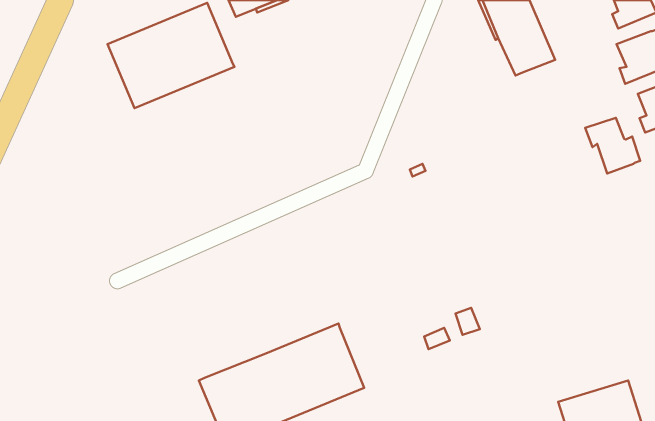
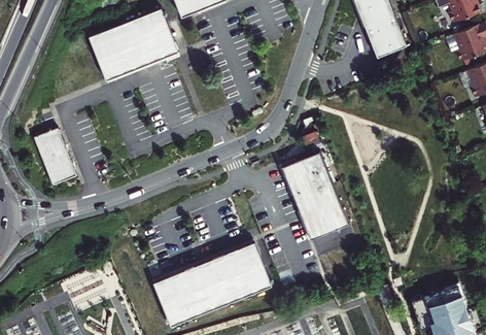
building: [585,118,640,174] -> none
building: none -> [31,127,75,185]
building: none -> [277,149,349,239]

